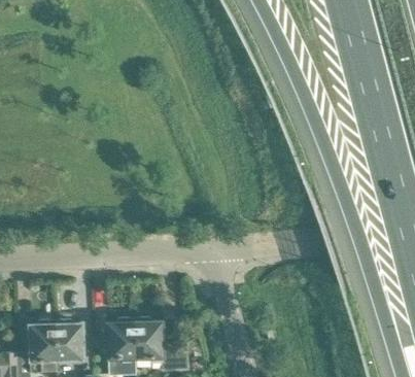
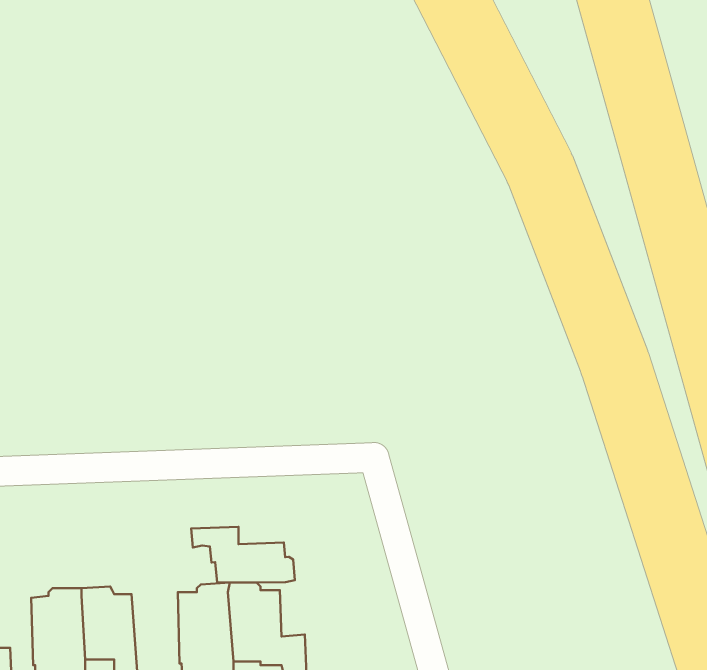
building: none -> [191,527,295,583]

